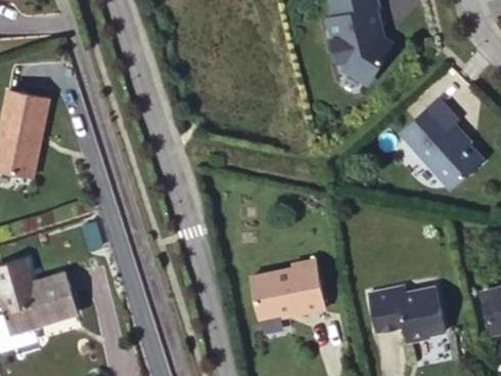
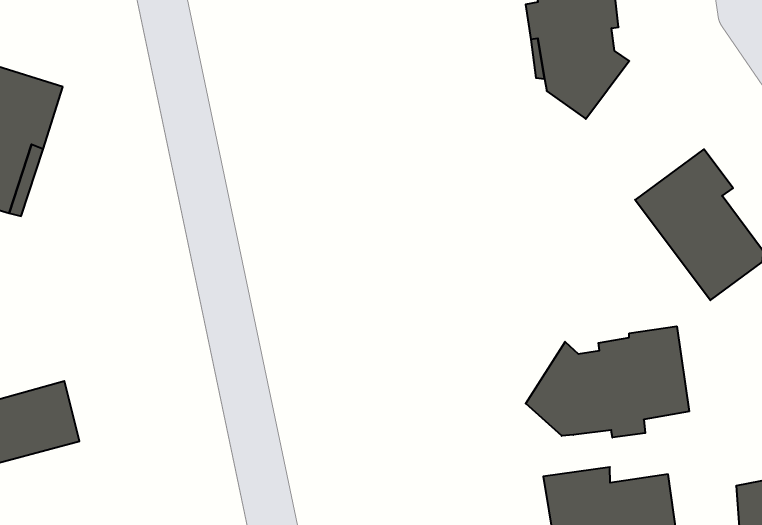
building: none -> [526,326,689,438]
building: [245,265,318,324] -> none

